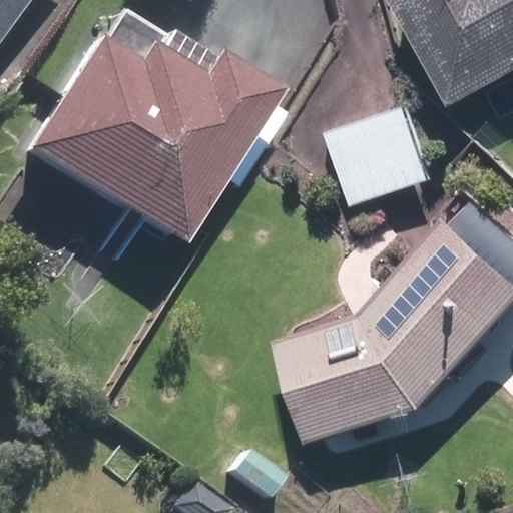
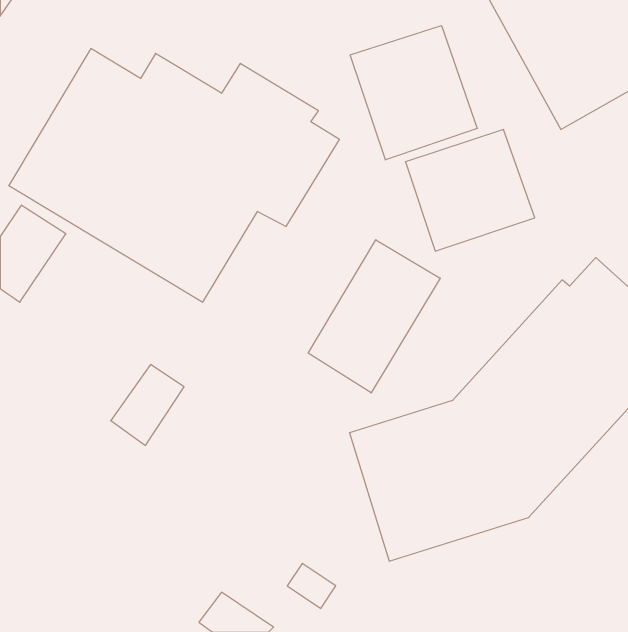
building: none -> [350,26,477,160]
building: none -> [308,240,440,393]

